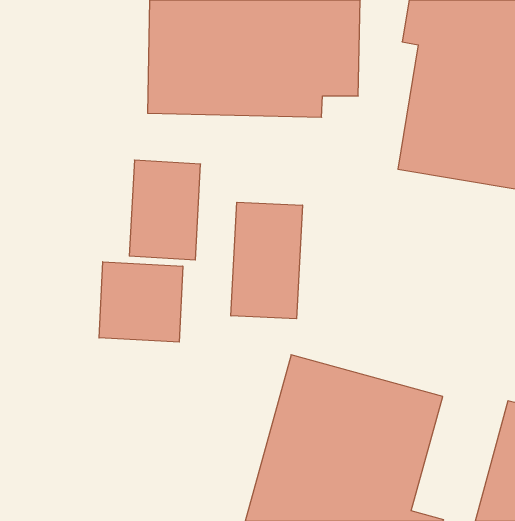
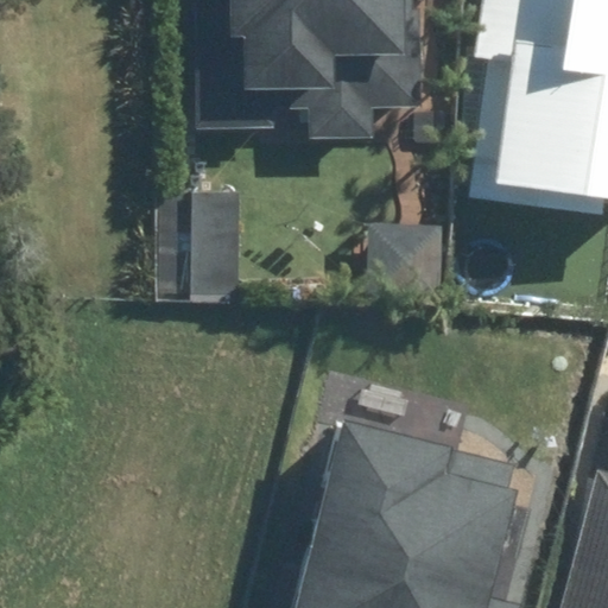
building: [231,202,302,319] -> none
building: [99,262,183,342] -> none

